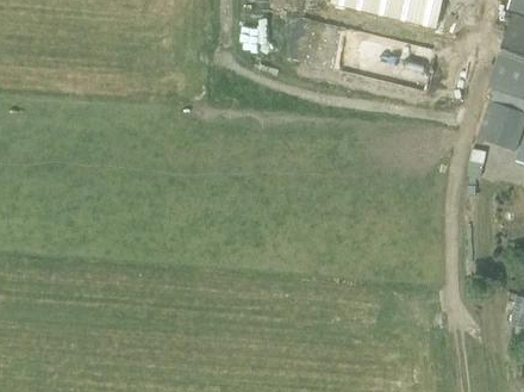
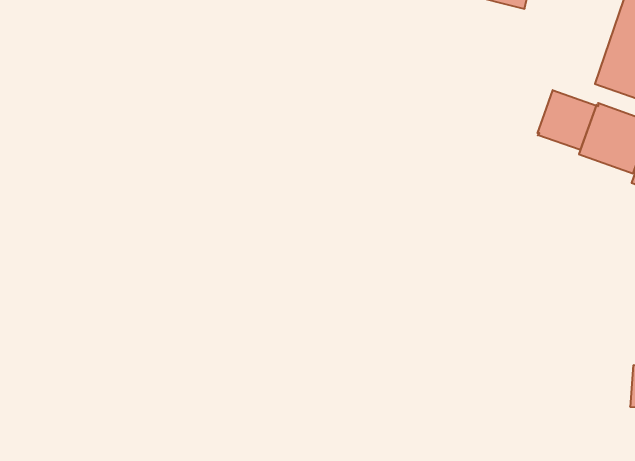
building: none -> [538,90,596,150]

